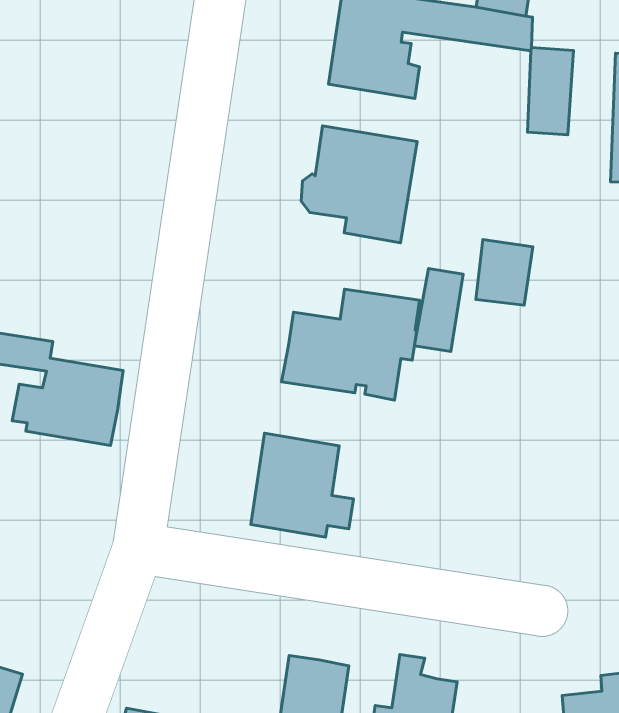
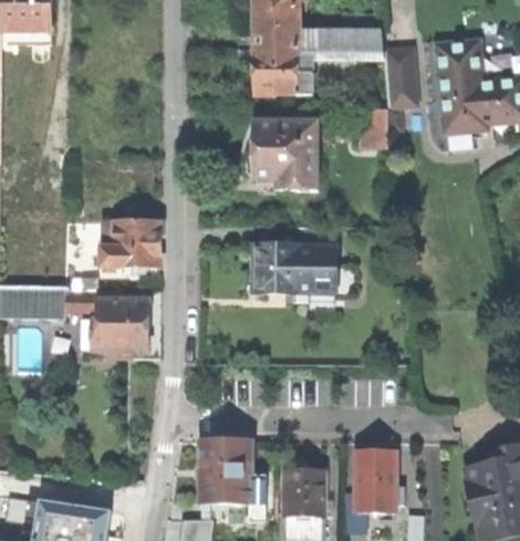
building: [476,239,533,305] -> [363,106,396,146]
building: none -> [100,222,159,268]
building: [415,268,463,352] -> none
building: [251,433,353,537] -> [200,440,264,502]

